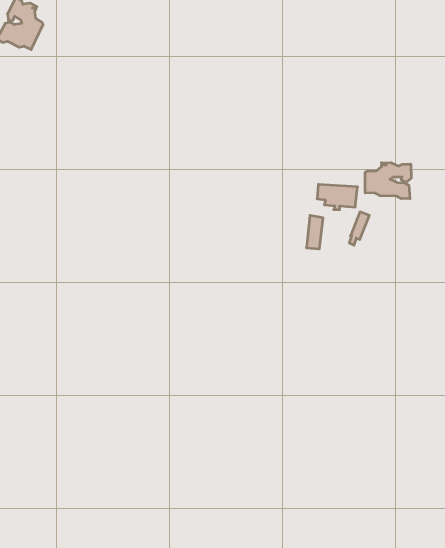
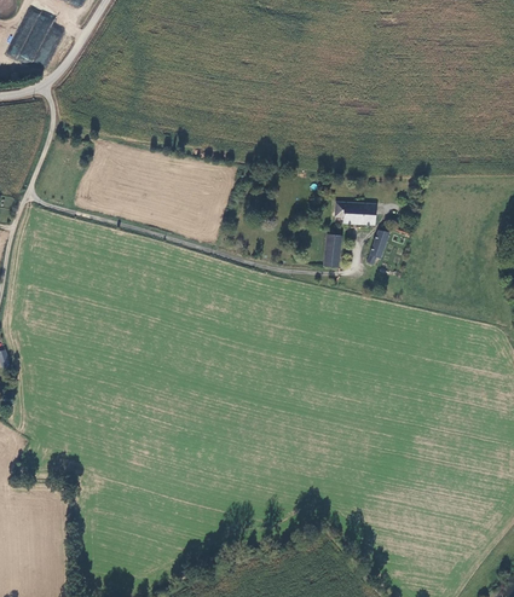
building: [365,163,411,199] -> none

